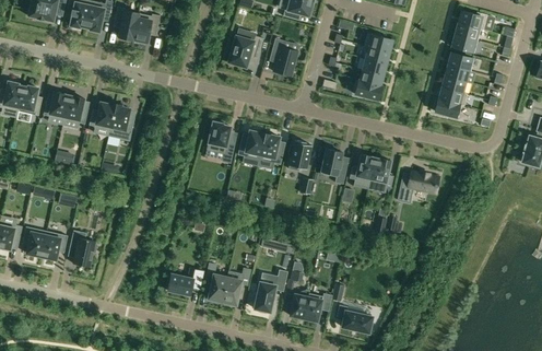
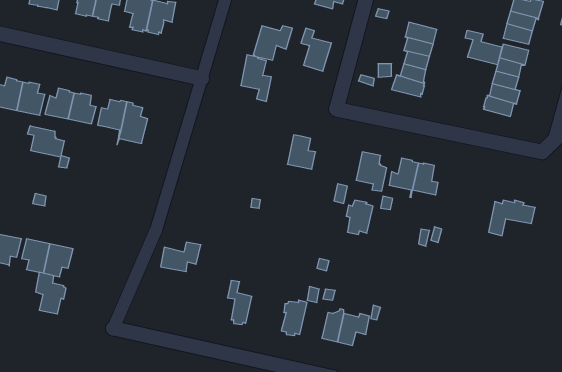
building: none -> [465,30,502,65]
building: [208,121,235,163] -> [241,55,271,101]
building: none -> [28,126,64,157]
building: [237,130,264,160] -> none
building: [287,140,311,171] -> [346,200,373,234]
building: [398,172,439,203] -> [489,200,535,236]
building: [70,230,97,267] -> [36,272,66,314]
building: [167,269,203,295] -> [161,242,201,272]
building: [222,269,250,306] -> none
building: [337,305,373,332] -> none

